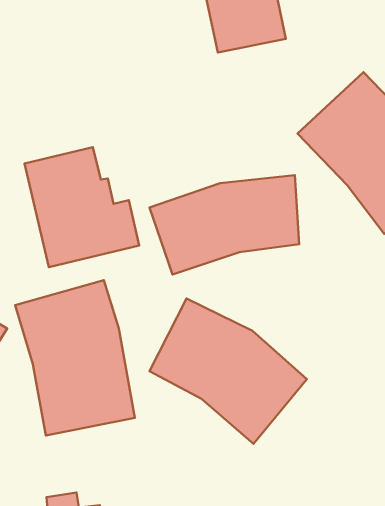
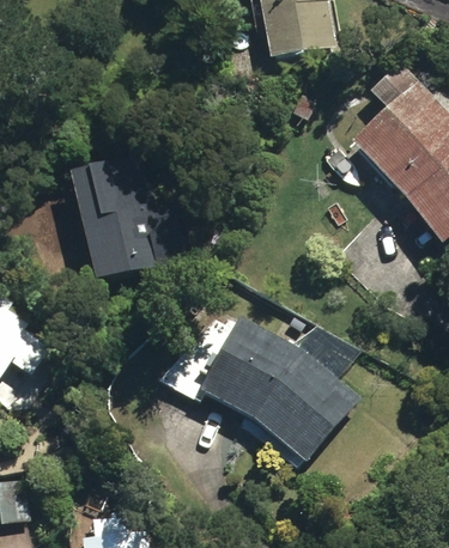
building: [150,175,299,274] -> none
building: [15,280,135,435] -> none

